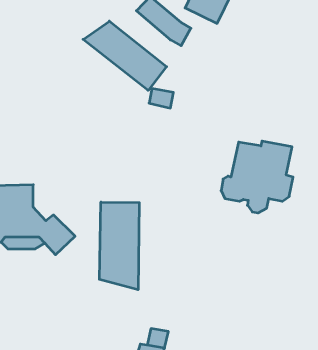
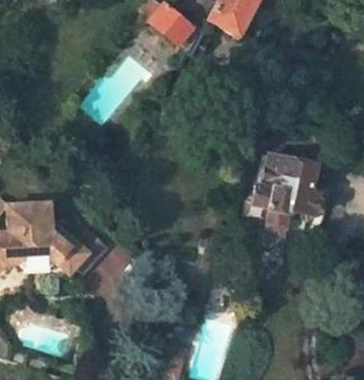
building: [83,21,167,90] -> none
building: [99,202,139,290] -> none

